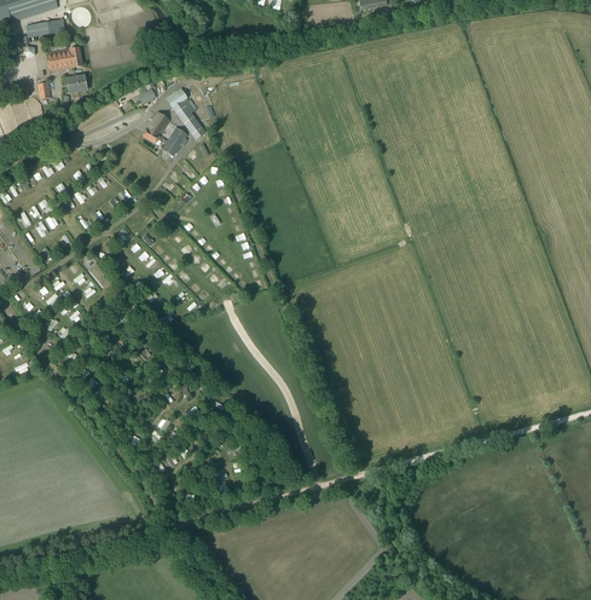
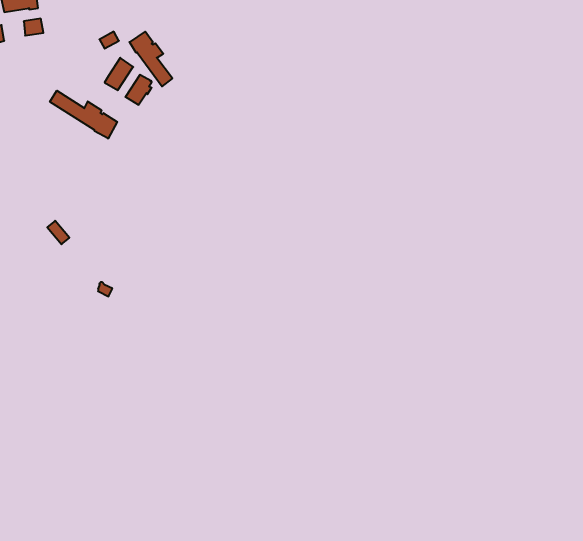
building: none -> [50,91,117,139]

